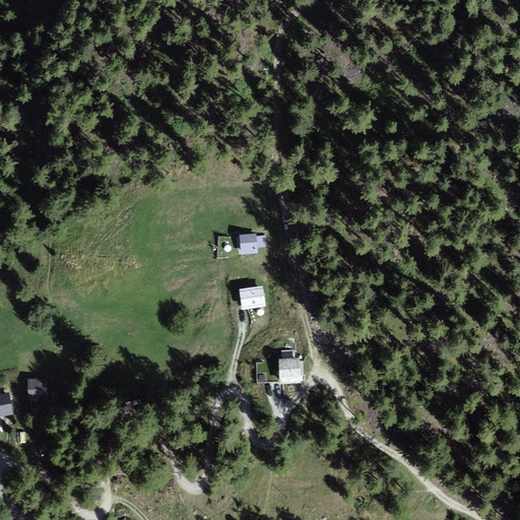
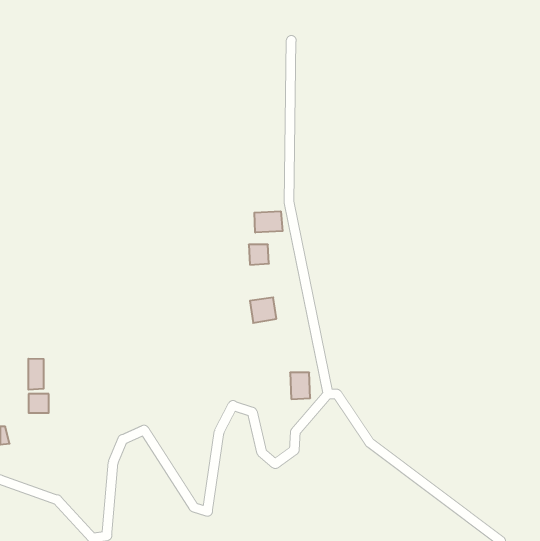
building: none -> [254,211,283,233]
building: none -> [28,359,44,390]

